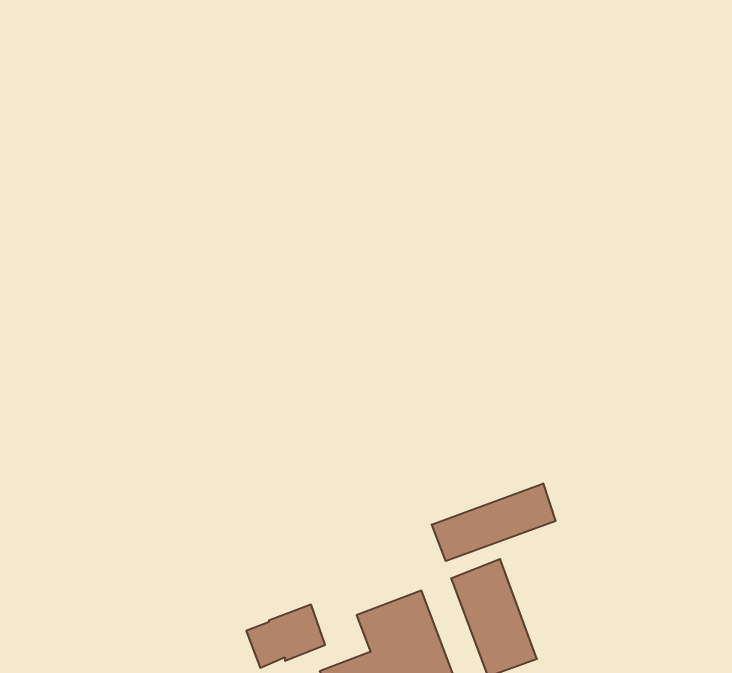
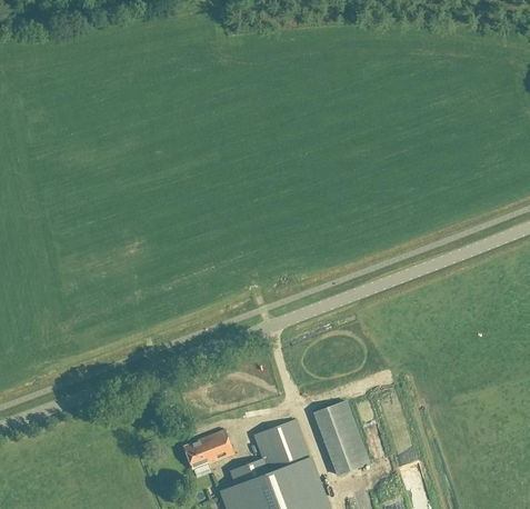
building: [432,483,556,561] -> none

